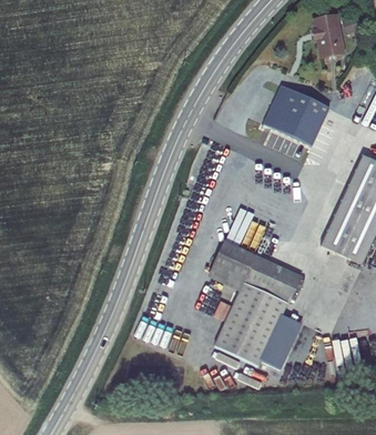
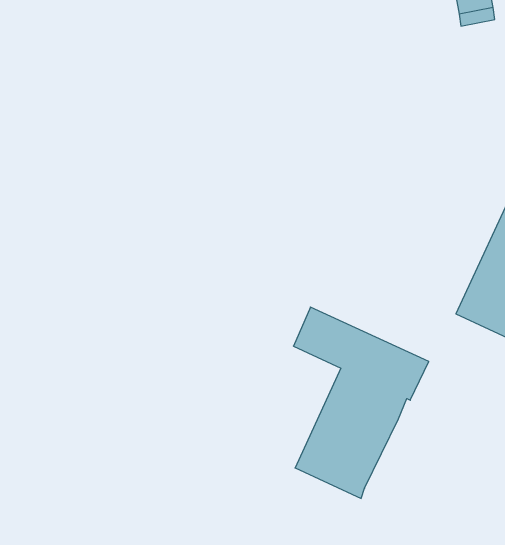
building: [262,84,328,145] -> none
building: [258,314,301,370] -> none

